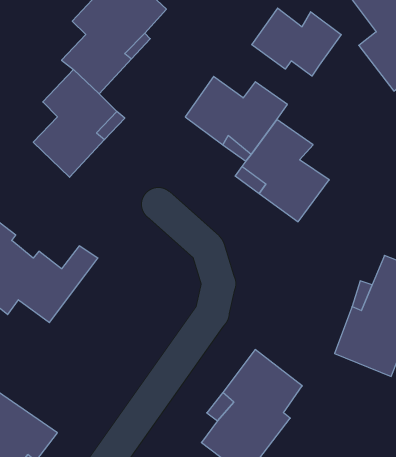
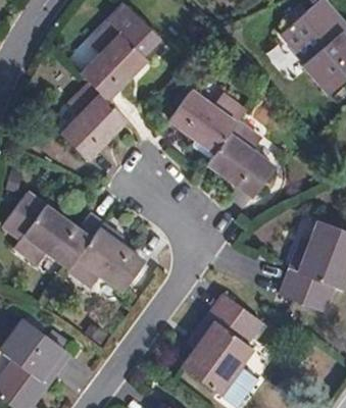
building: [252,8,341,76] -> none
building: none -> [64,235,143,296]

